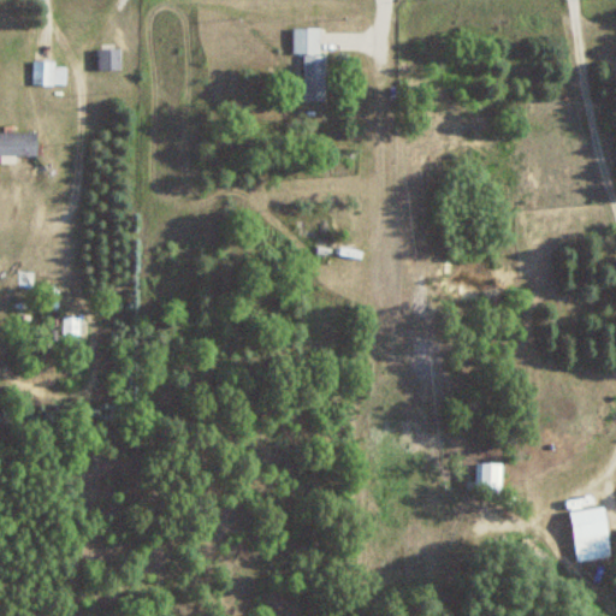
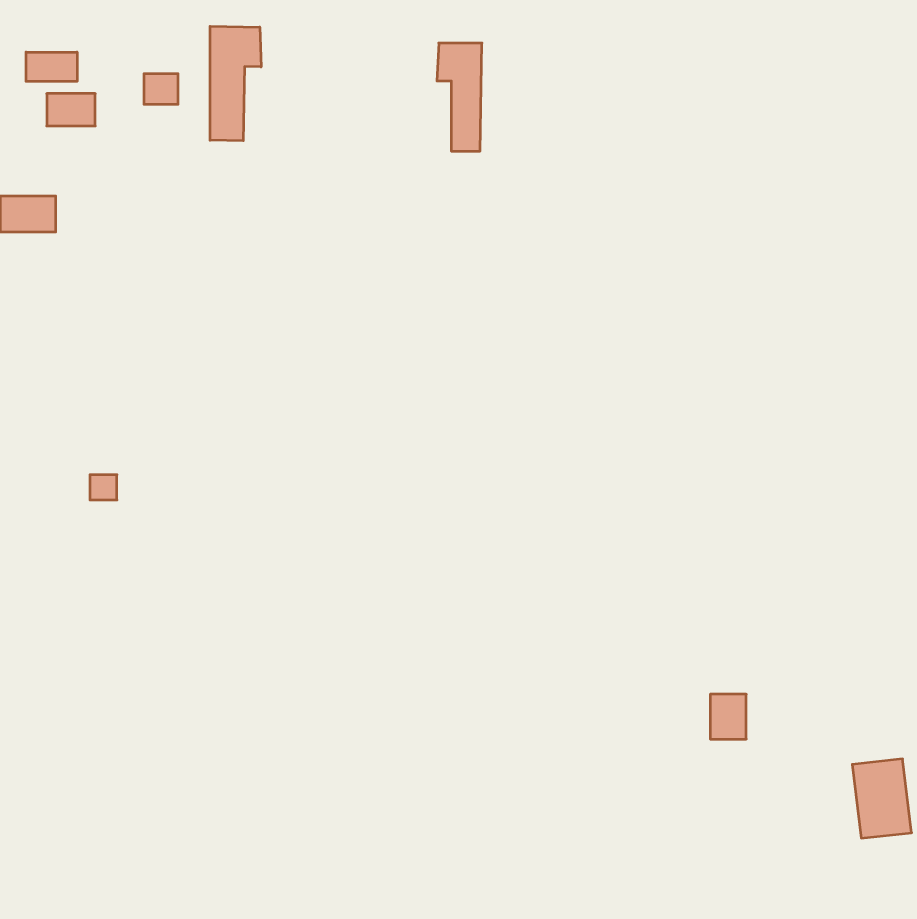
building: none -> [210,26,261,141]
building: none -> [26,52,77,81]

